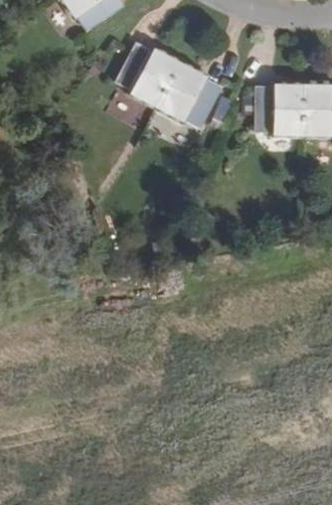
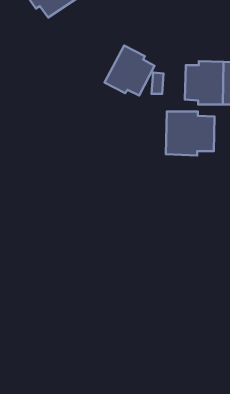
building: [117,45,182,109] -> none
building: none -> [166,111,214,155]

